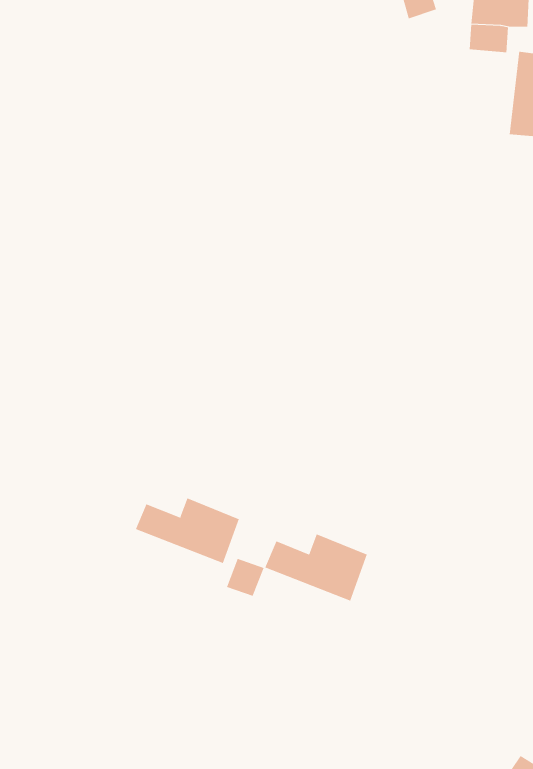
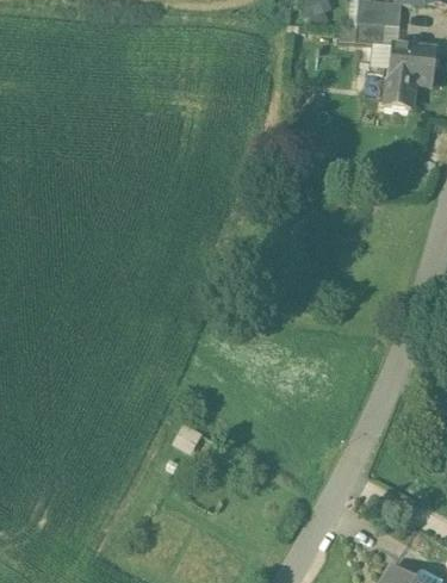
building: [135,498,239,564] -> none
building: [264,533,368,601] -> none

